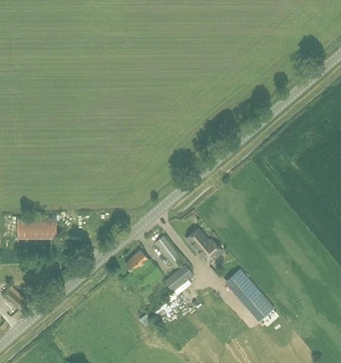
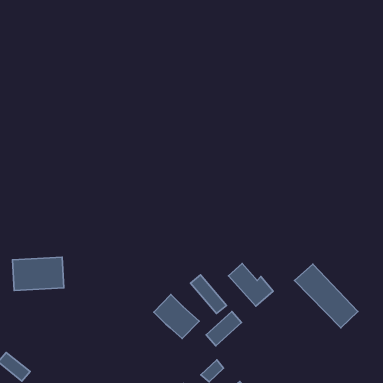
building: [224,268,272,319] -> [294,264,358,328]

